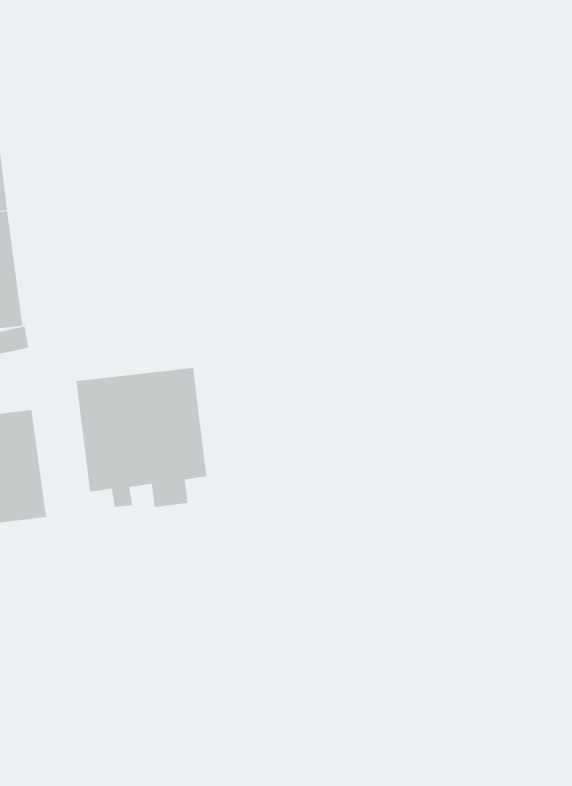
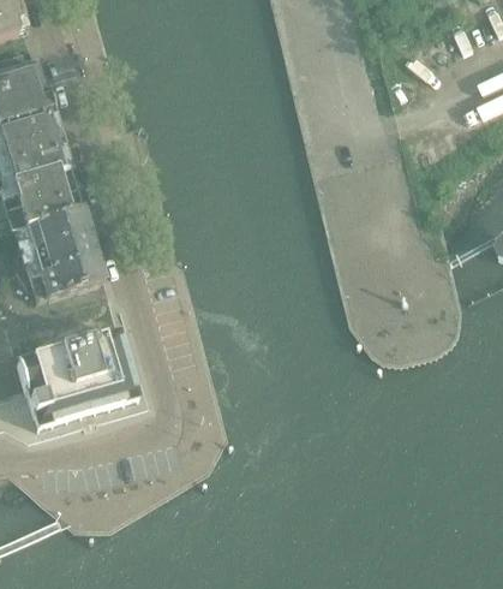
building: [76,367,207,508] -> none

